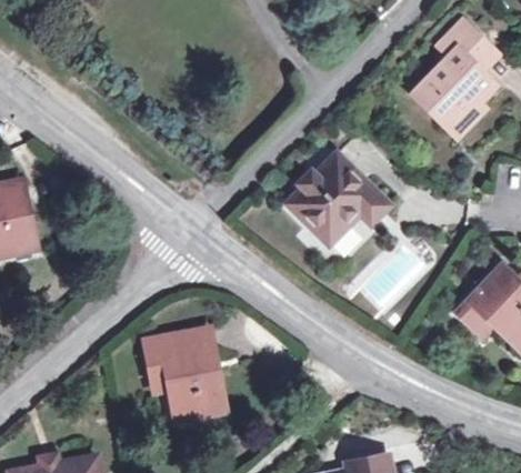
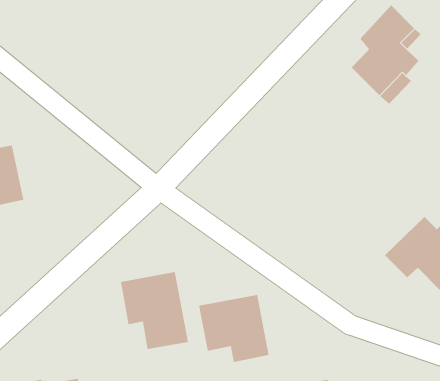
building: [282,150,383,241] -> none
building: none -> [199,294,269,363]

